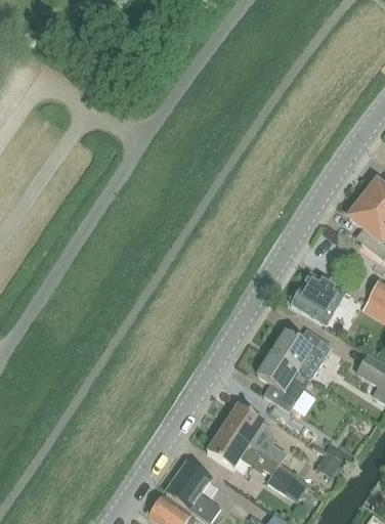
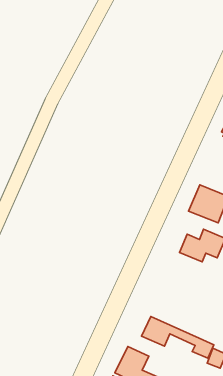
building: [257,353,303,411] -> none
building: [222,404,286,465] -> none

